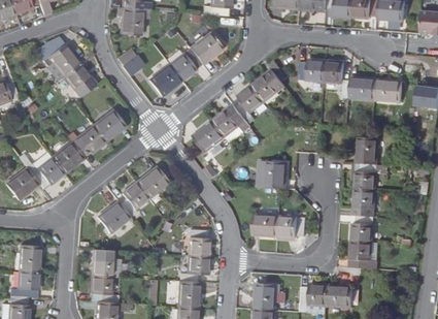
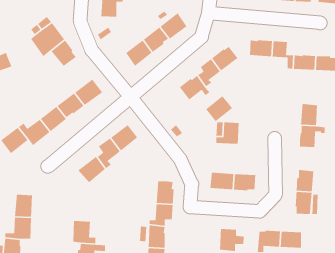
building: [195,119,228,151] -> [205,95,233,122]
building: [355,189,375,217] -> none
building: [92,249,114,276] -> none

